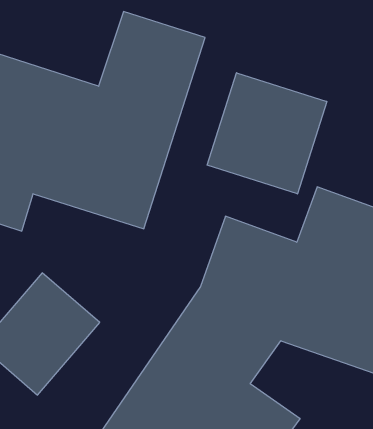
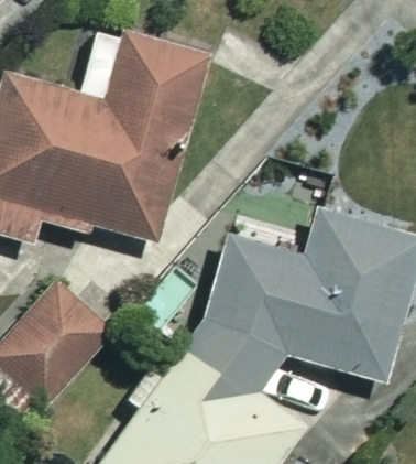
building: [207,73,327,194] -> none

